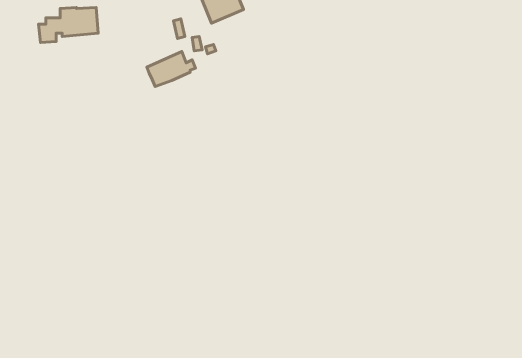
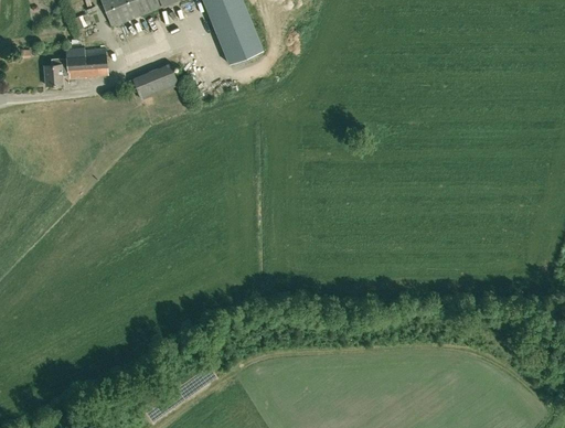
building: [147,52,195,87] -> [131,63,183,100]

